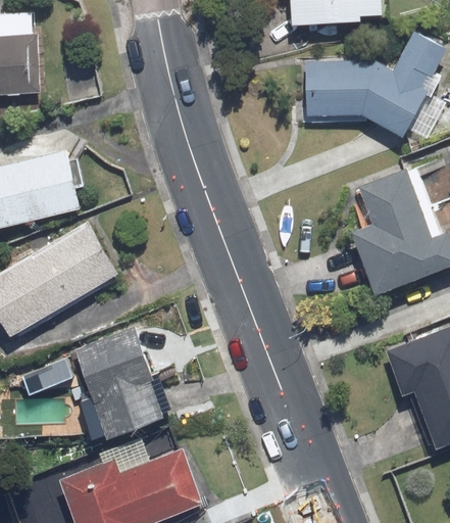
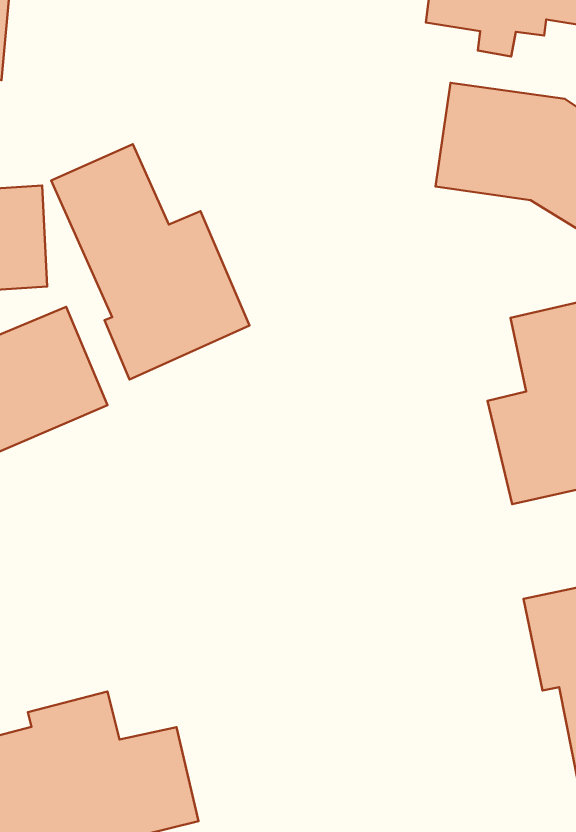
building: none -> [51,144,249,380]
building: [81,326,174,433] -> none

